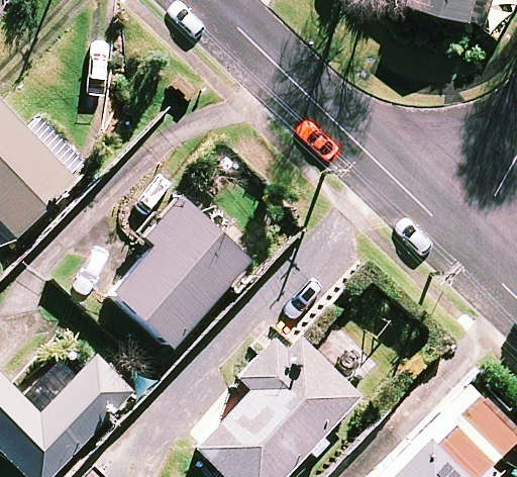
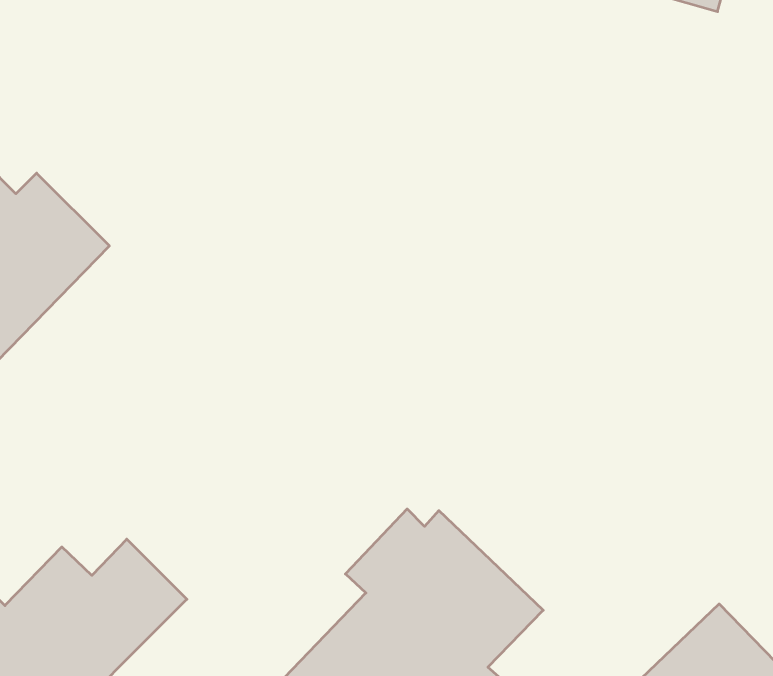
building: [111,199,251,349] -> none

